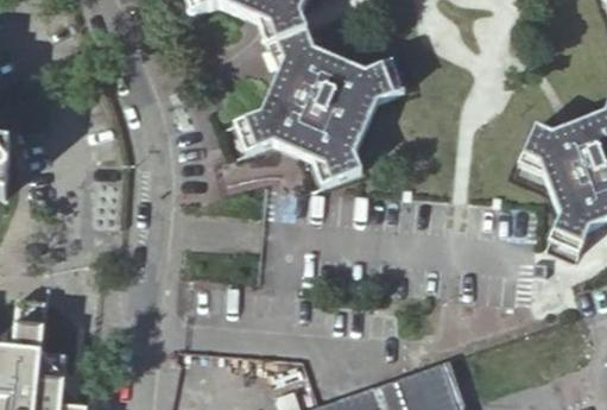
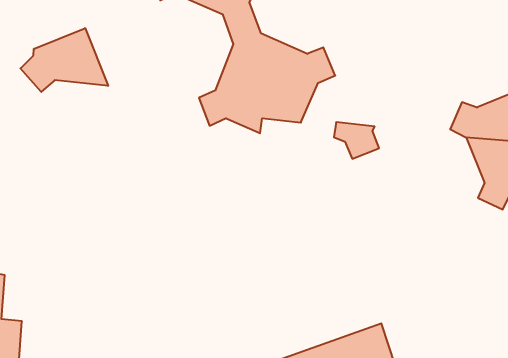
building: none -> [20,28,108,92]
building: [312,138,362,178] -> [334,122,379,159]

